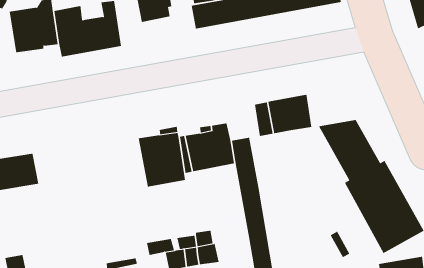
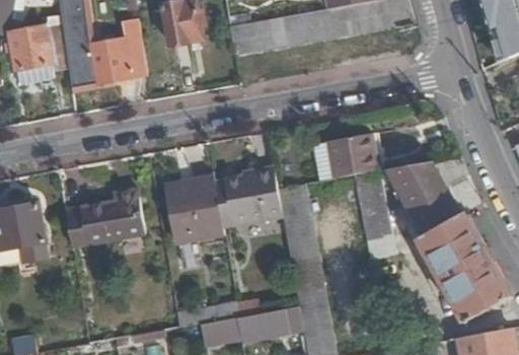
building: none -> [352,171,389,244]
building: none -> [68,186,147,246]
building: none -> [261,303,304,334]

